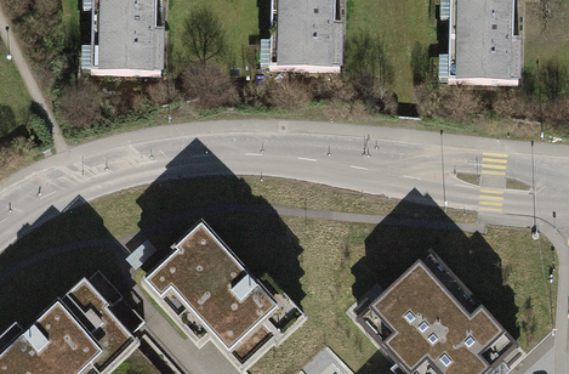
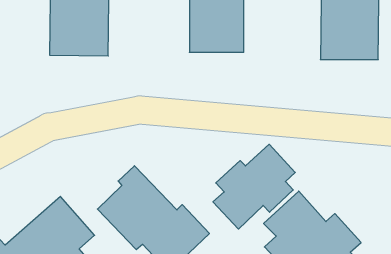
building: none -> [213,144,295,229]

